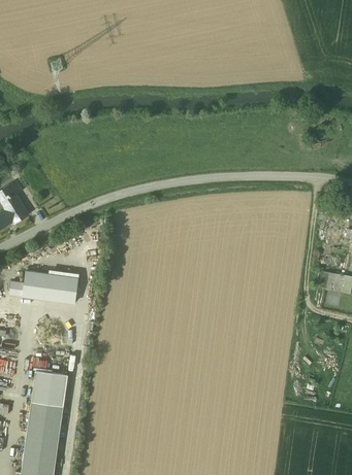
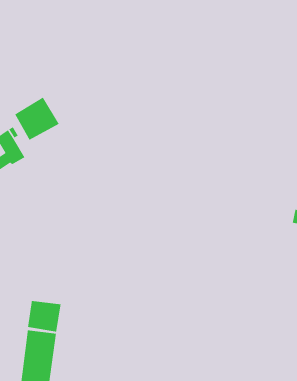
building: none -> [14,97,60,141]
building: [23,271,78,303] -> none

